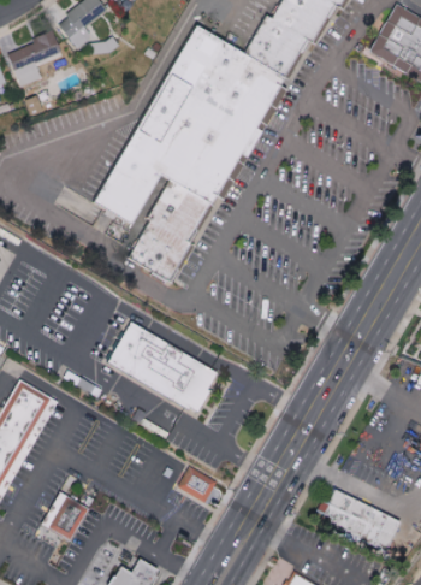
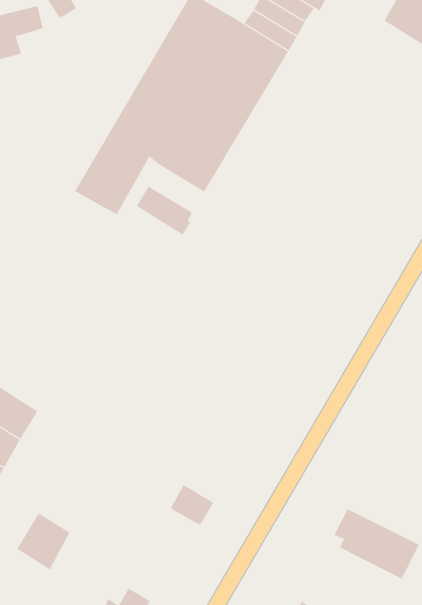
building: [158,181,208,223] -> none
building: [126,219,191,284] -> none
building: [106,320,215,412] -> none

